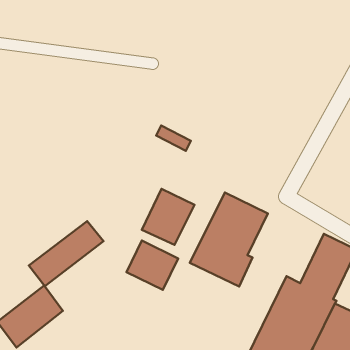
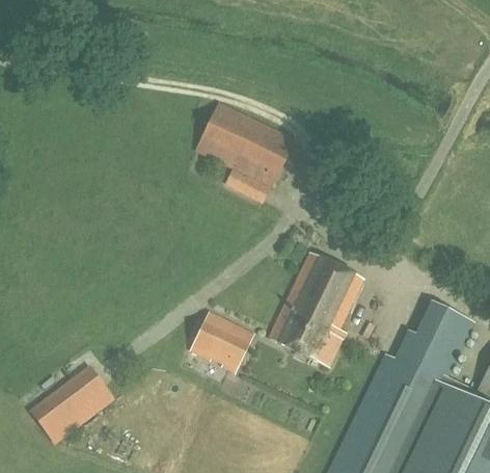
building: none -> [197,104,292,185]
building: [142,189,194,245] -> none
building: [29,221,103,286] -> none

